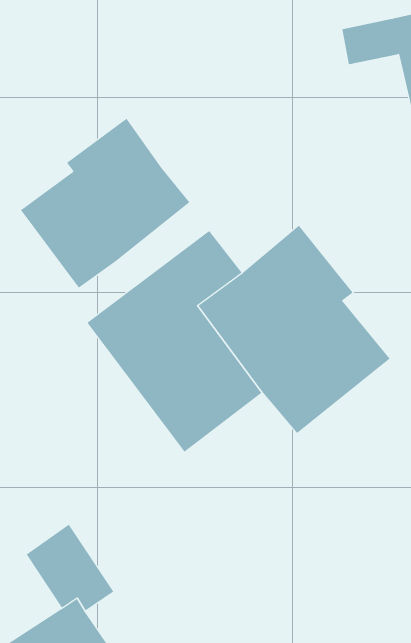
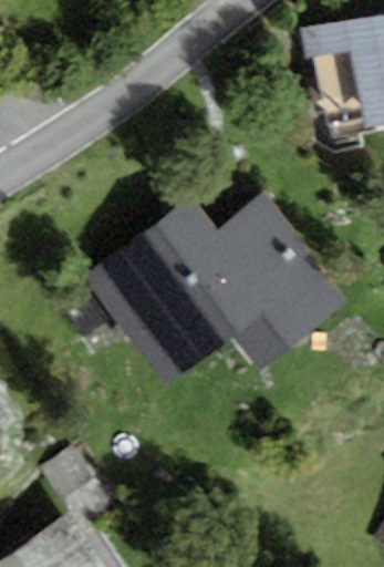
building: [20,118,190,289] -> none

